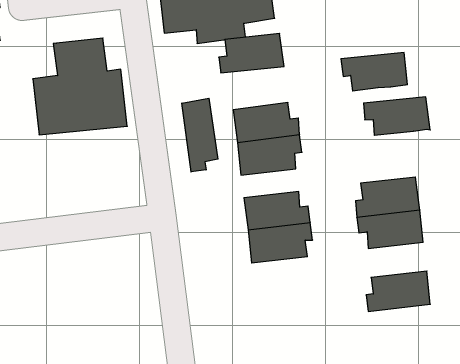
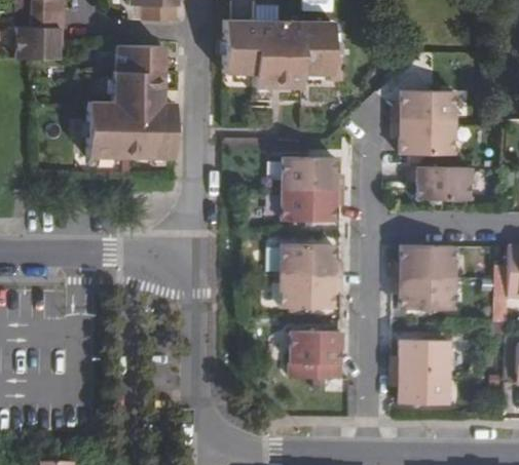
building: none -> [117,44,165,70]
building: [219,33,284,73] -> [394,89,456,123]
building: [182,98,218,172] -> none
building: none -> [290,332,341,380]
building: none -> [386,372,449,404]

